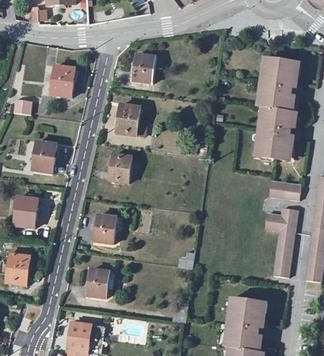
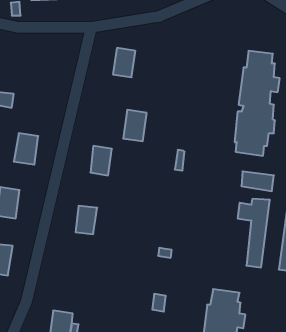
building: [51,65,75,97] -> none
building: [116,103,140,135] -> [123,110,147,141]
building: [87,268,110,297] -> none

